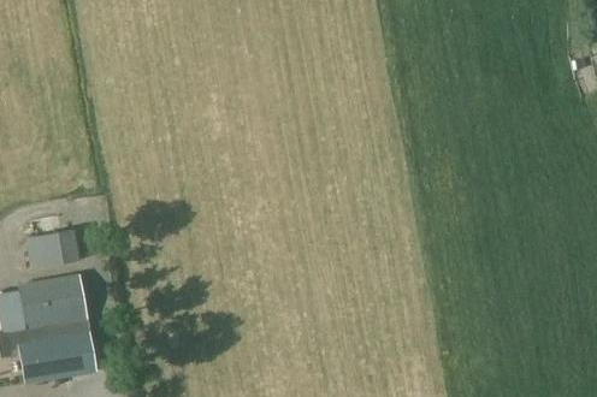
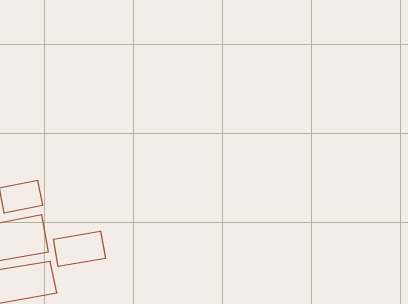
building: none -> [53,231,105,267]

